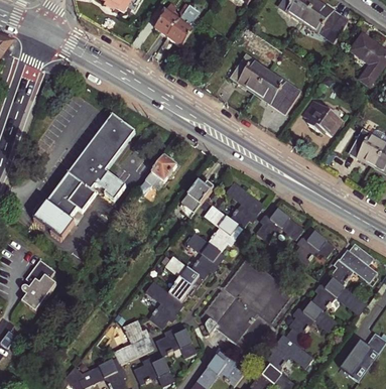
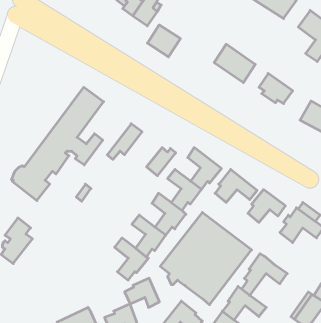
building: [233,52,269,88] -> [147,25,180,57]
building: [311,273,366,314] -> none
building: [114,320,153,363] -> none

